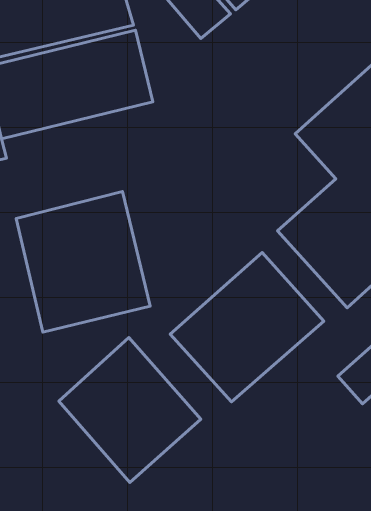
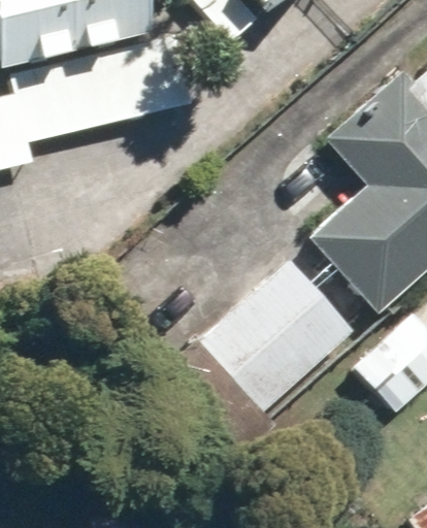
building: [16,192,150,332] -> none
building: [59,338,201,482] -> none

